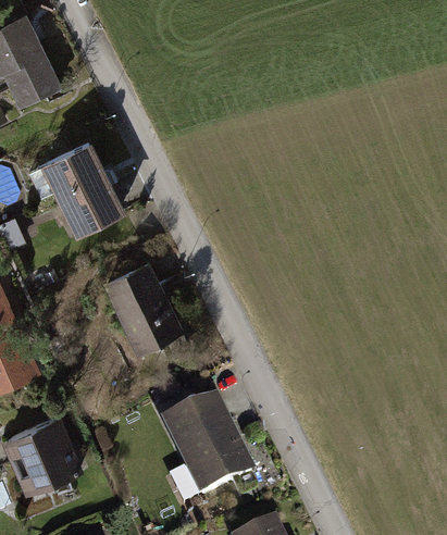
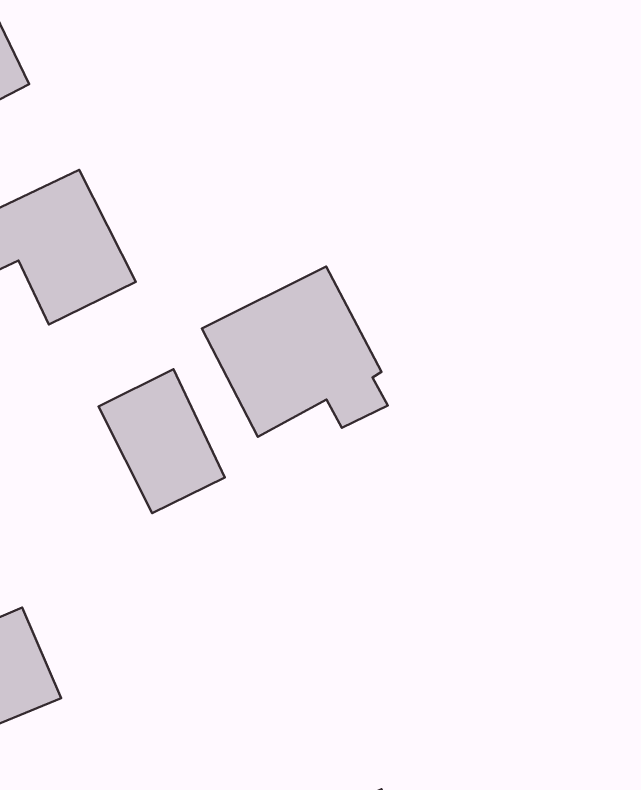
building: none -> [202,266,388,437]
building: [164,398,257,501] -> none

